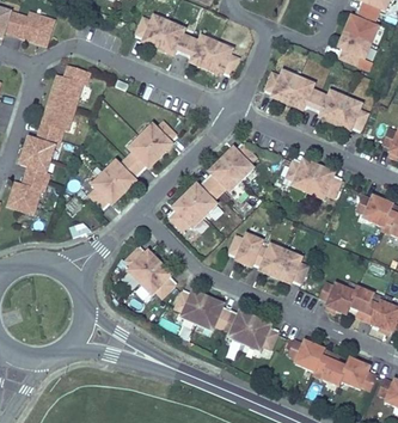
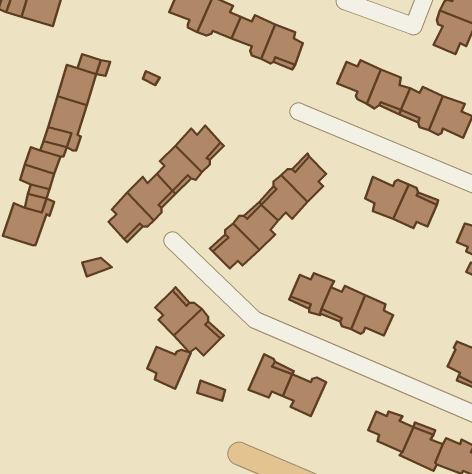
building: [319,282,355,311] -> none
building: [174,292,208,324] -> [147,347,191,389]
building: [244,318,277,351] -> none

